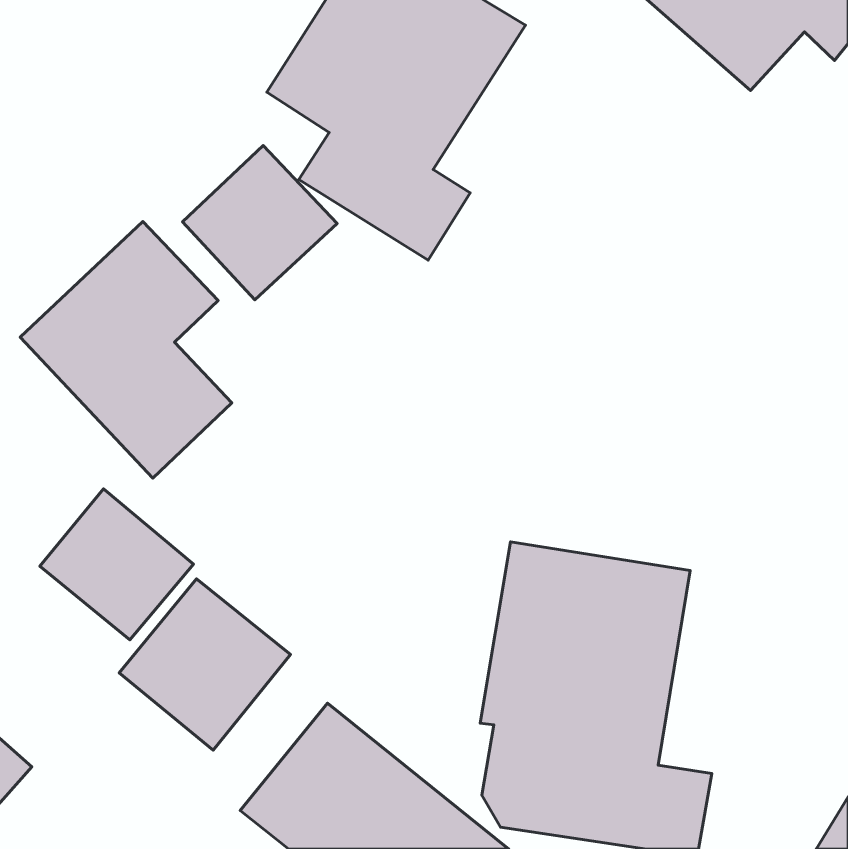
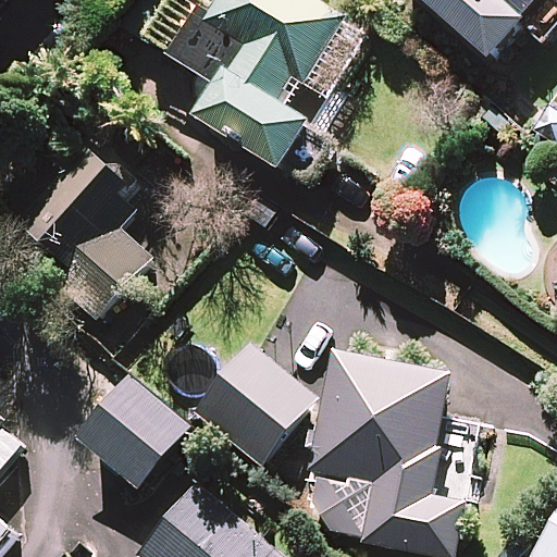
building: [183,146,337,300] -> none
building: [40,489,194,640] -> none
building: none -> [193,343,312,462]

